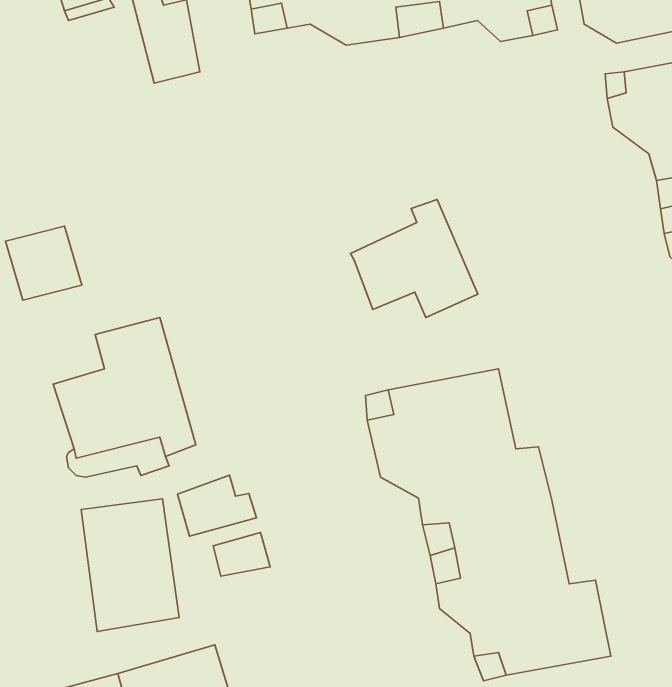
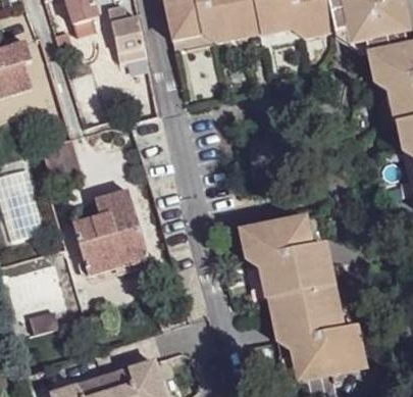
building: [351,199,478,317] -> none
building: [177,475,256,536] -> none
building: [81,499,179,631] -> none

